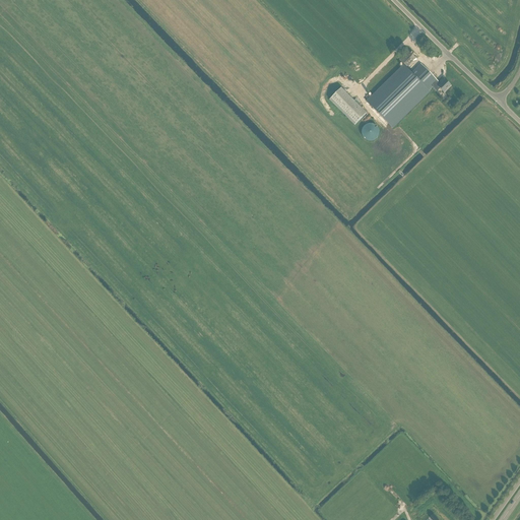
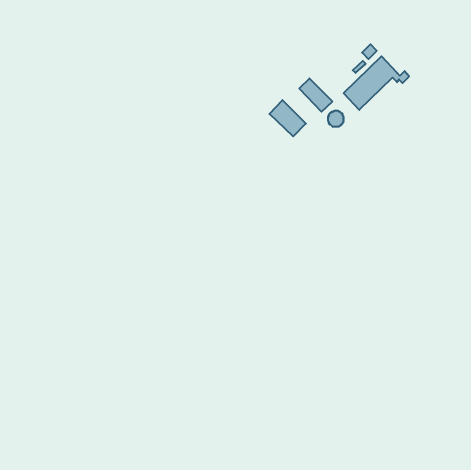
building: none -> [269,100,306,136]

